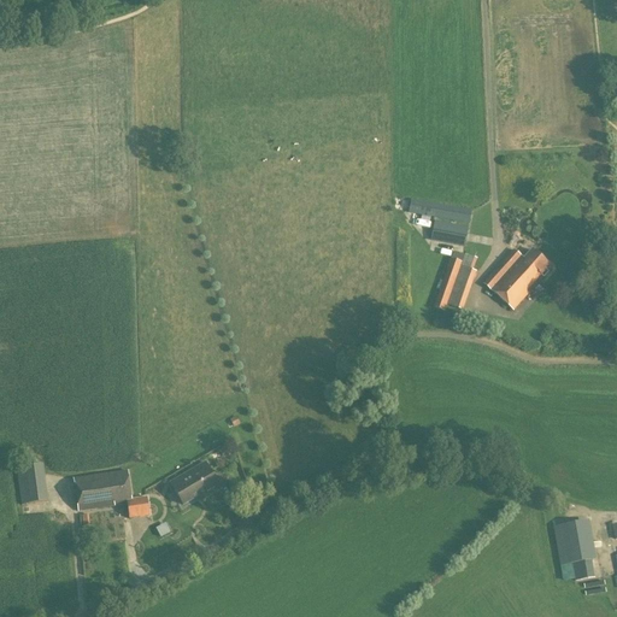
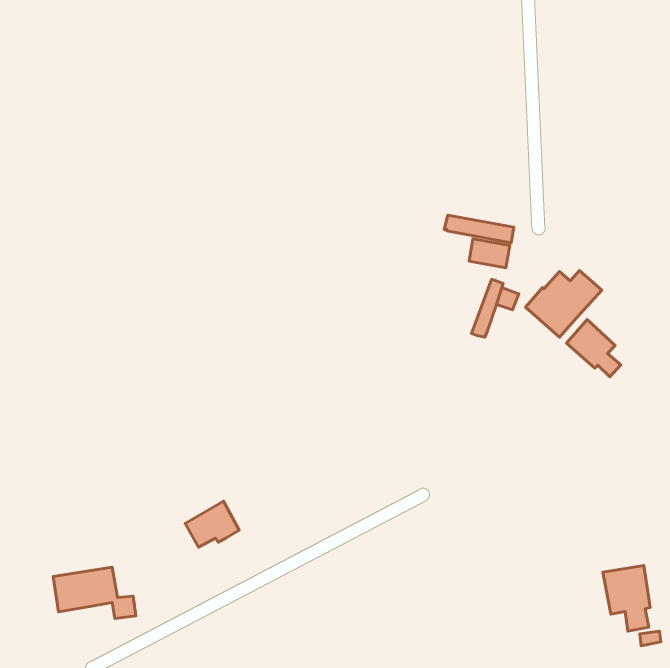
building: none -> [566,320,621,377]
building: [19,463,49,503] -> none
building: [74,469,149,516] -> [53,567,136,618]

